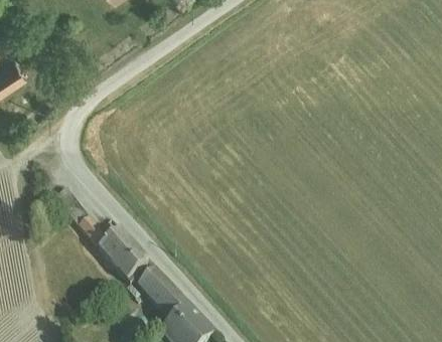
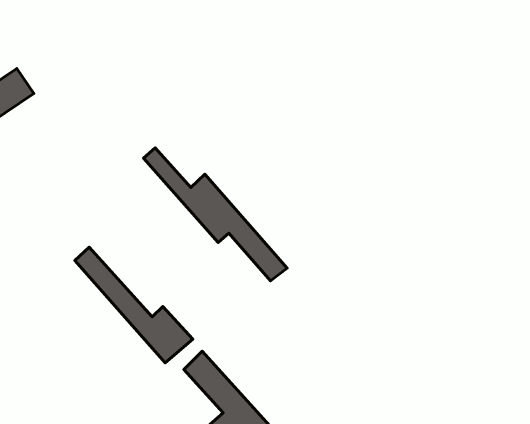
building: none -> [144,148,287,281]

